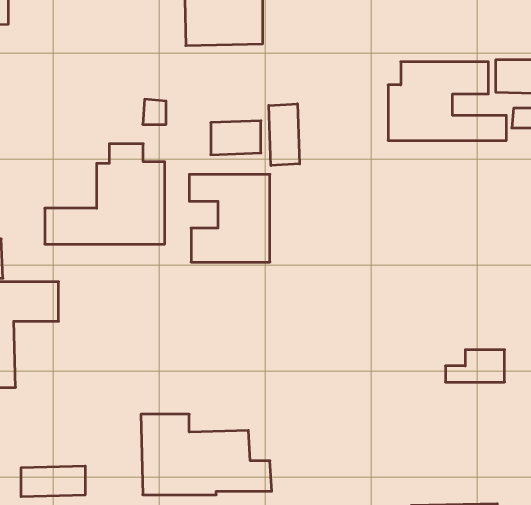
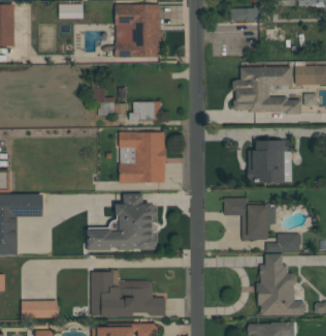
building: [269,104,300,166] -> none
building: [45,144,165,244] -> [87,193,156,251]
building: none -> [249,141,284,183]
building: none -> [224,198,276,241]
building: none -> [258,254,306,316]

